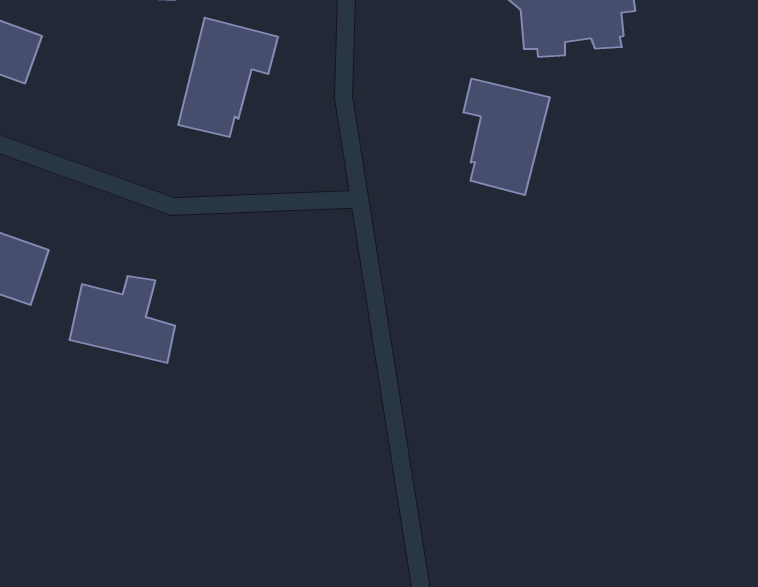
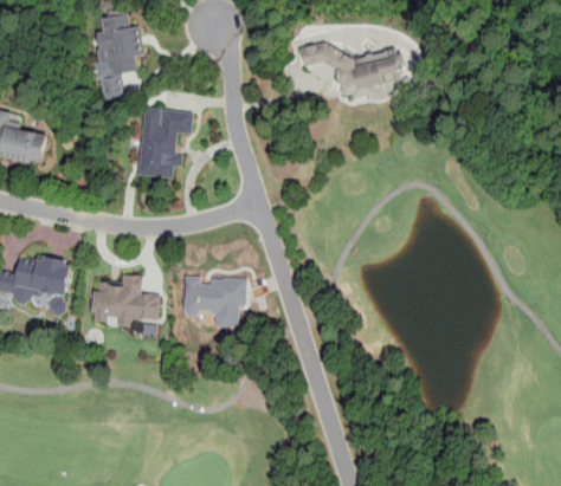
building: [463,79,550,195] -> none
building: none -> [182,279,241,328]

